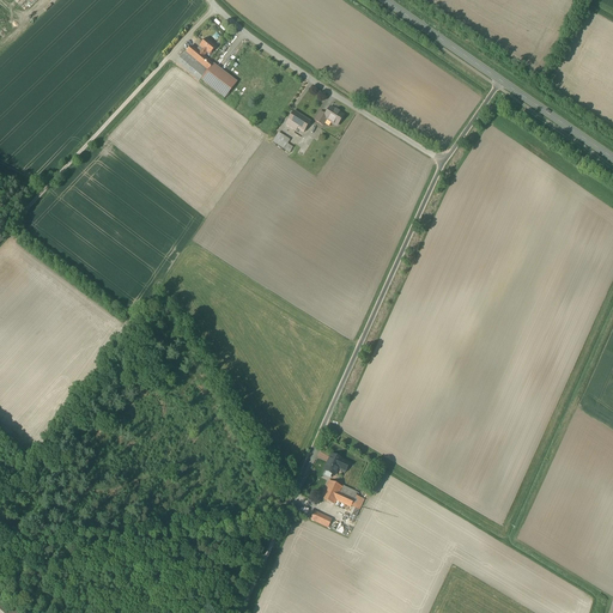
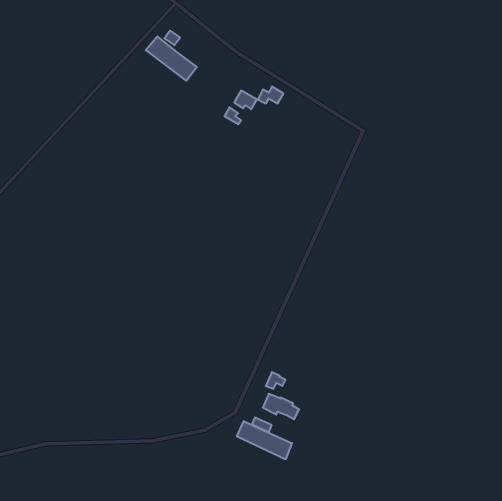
building: none -> [237,421,292,459]

